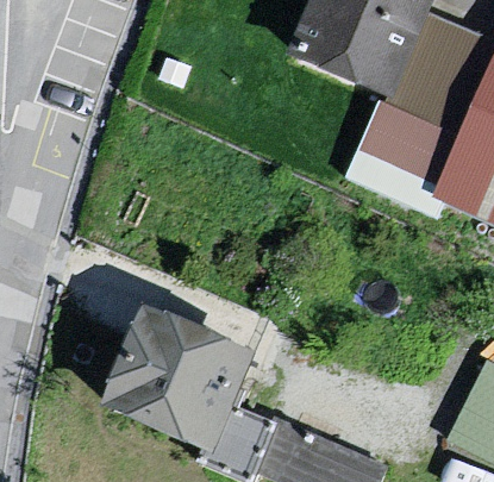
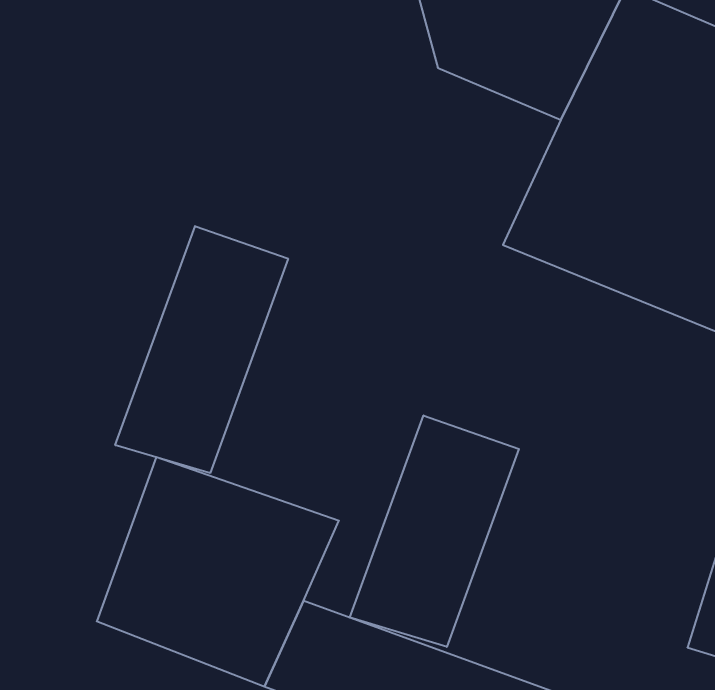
building: none -> [115,226,288,473]
building: none -> [350,415,519,647]

